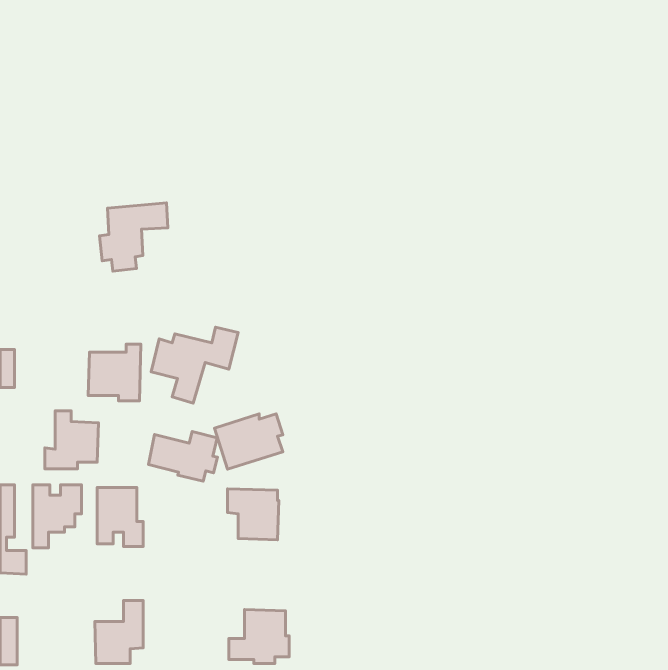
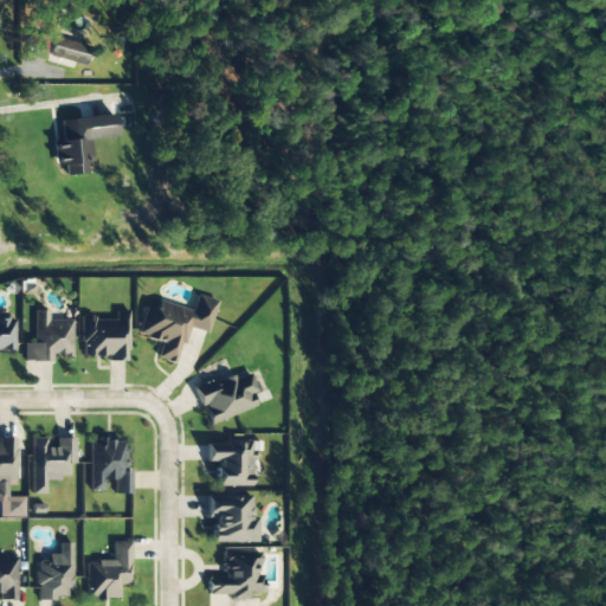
building: none -> [50,36,91,65]
building: [100,203,168,271] -> [56,114,117,175]
building: [45,411,99,469] -> [26,309,75,361]
building: [149,431,217,481] -> none
building: none -> [208,495,259,542]
building: none -> [39,542,73,599]

